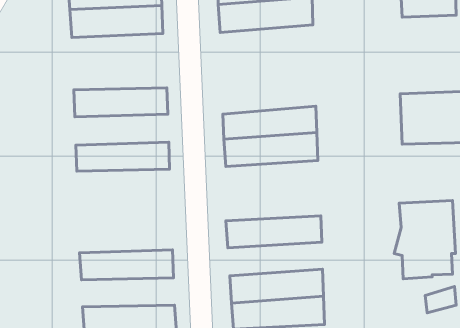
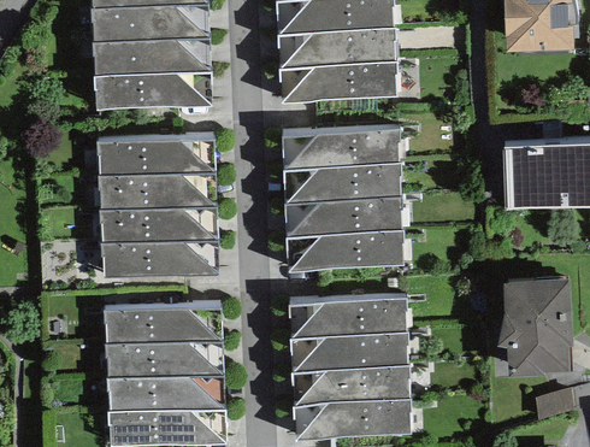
building: none -> [279,60,396,101]
building: none -> [95,71,210,108]
building: none -> [282,128,399,171]
building: none -> [99,171,216,210]
building: none -> [287,229,402,270]
building: none -> [101,240,218,276]
building: none -> [104,307,220,343]
building: none -> [289,330,407,372]
building: none -> [107,375,223,411]

